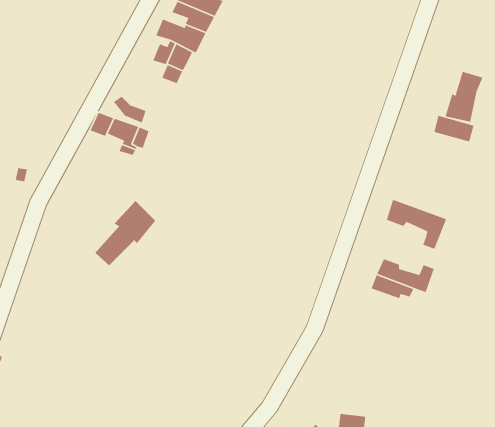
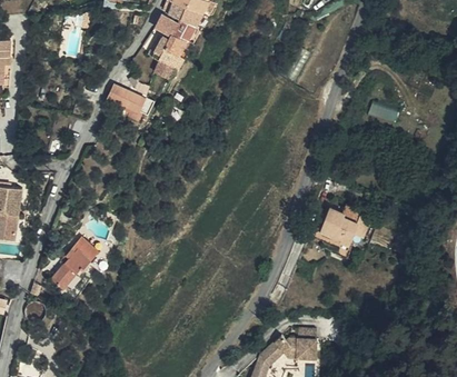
building: [445,71,484,123] -> none
building: [386,199,447,250] -> none
building: [95,200,156,266] -> [50,235,97,285]

